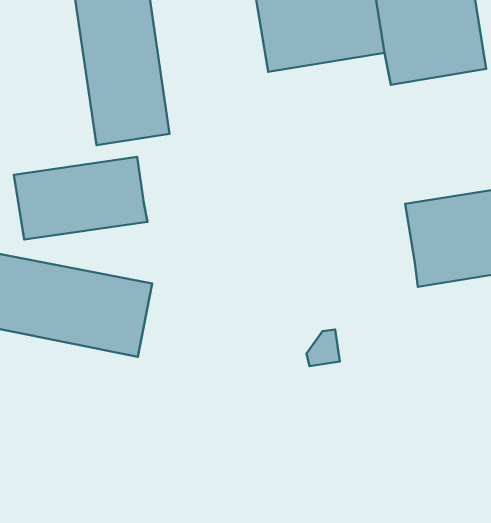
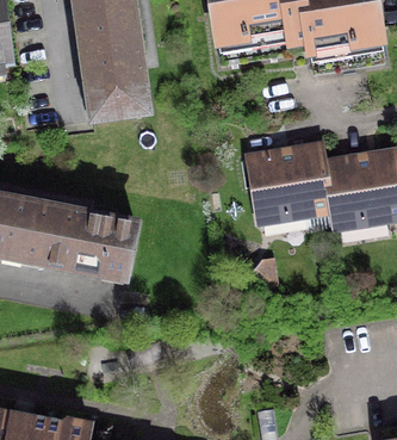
building: [14,157,147,240] -> none
building: none -> [247,144,330,218]

